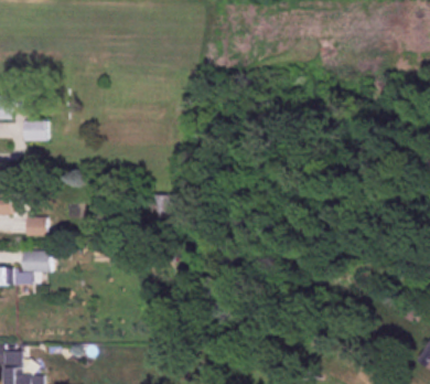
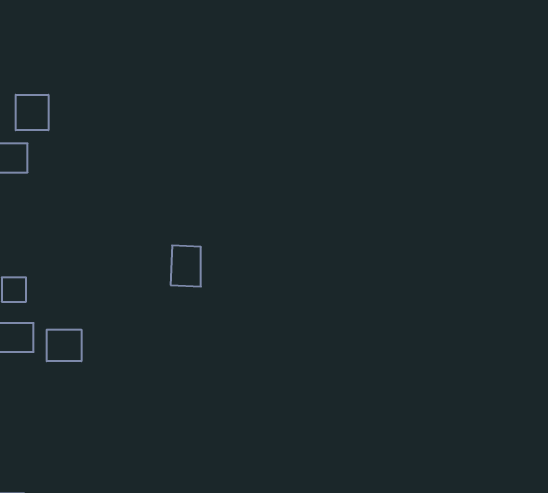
building: none -> [16,95,48,130]
building: none -> [47,330,81,361]

